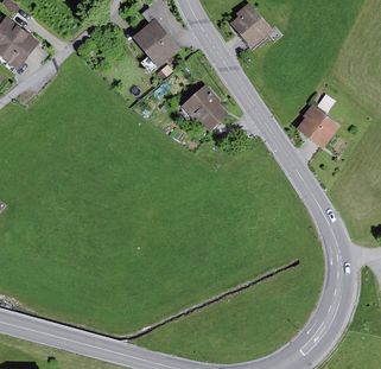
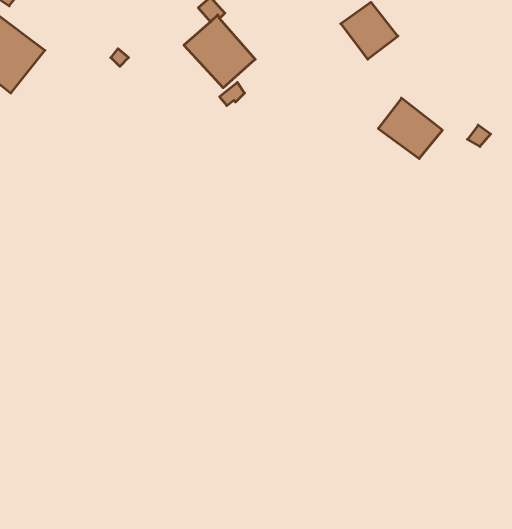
building: [192,90,230,129] -> none
building: [301,106,344,146] -> [378,98,442,159]

